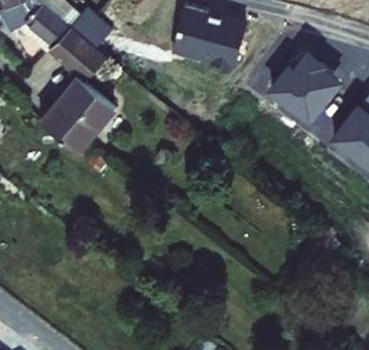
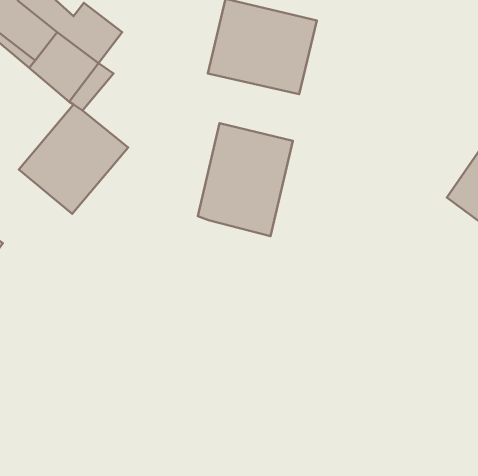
building: [270,51,342,122] -> none
building: none -> [198,123,293,236]

